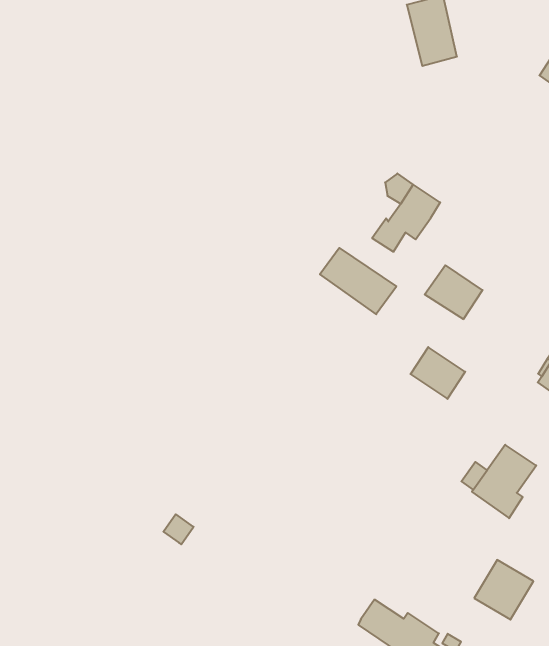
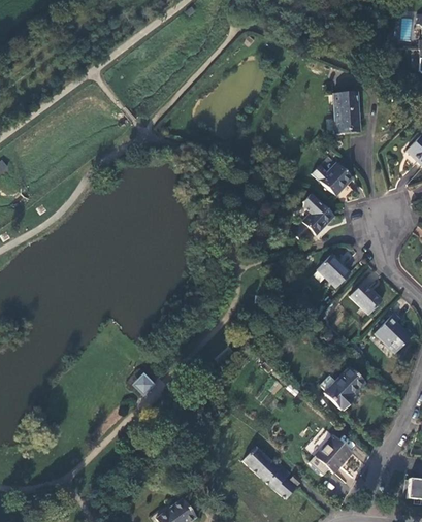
building: none -> [320,162,353,195]
building: [320,248,396,314] -> none
building: [410,347,465,399] -> [349,282,382,315]

